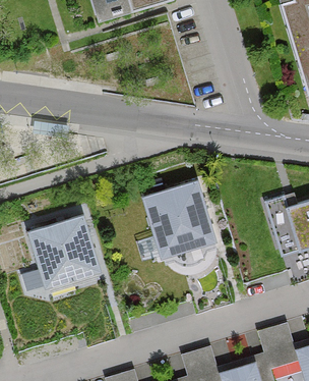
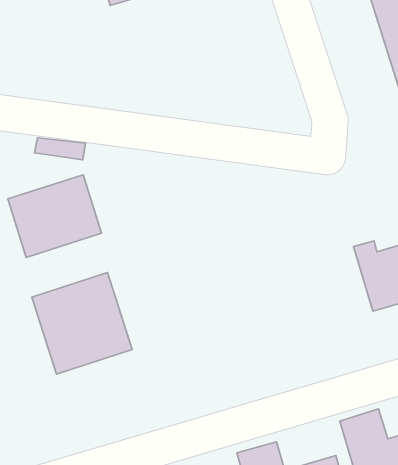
building: none -> [8,175,102,258]
building: [145,180,220,256] -> none

